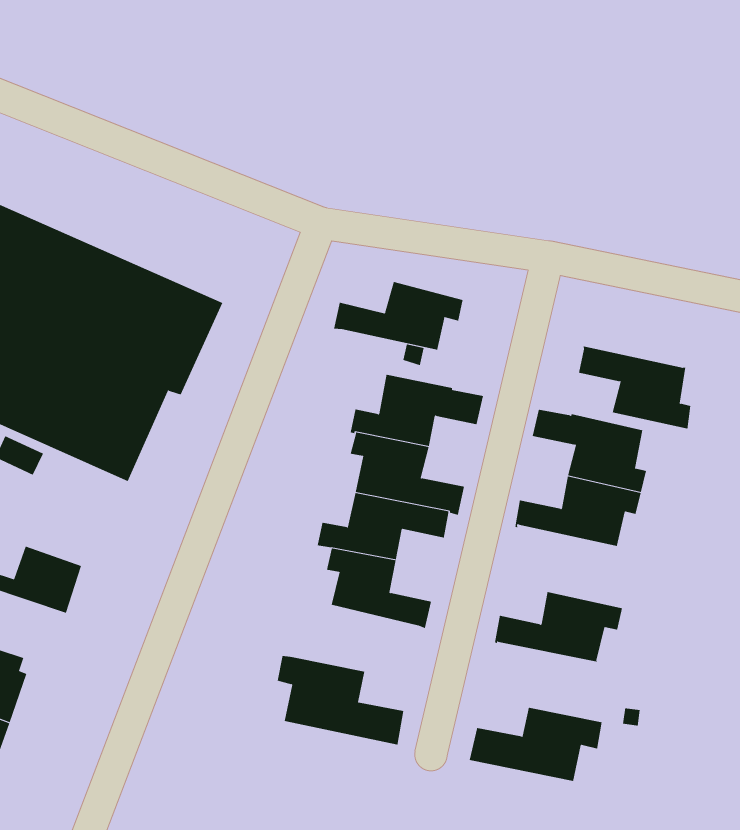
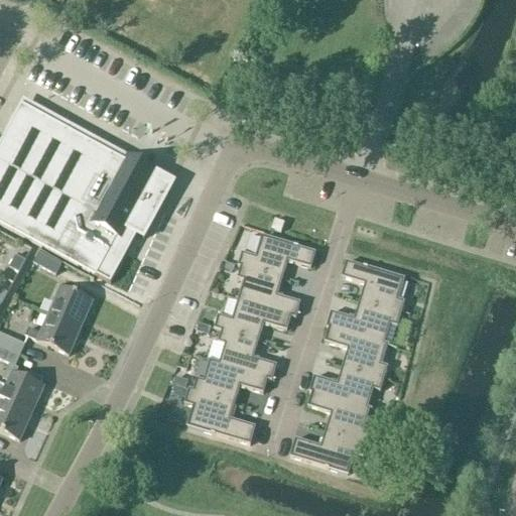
building: [333,281,463,351] -> none
building: [578,346,691,429] -> [326,322,388,375]
building: none -> [49,283,93,325]
building: none -> [195,355,268,398]
building: none -> [308,388,371,438]

